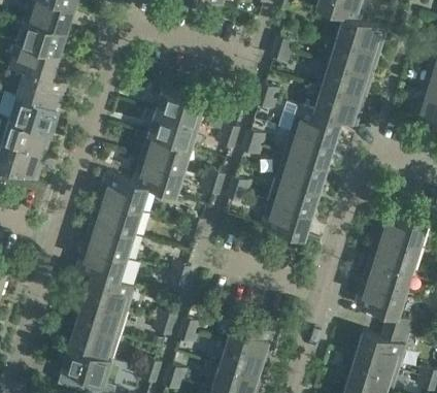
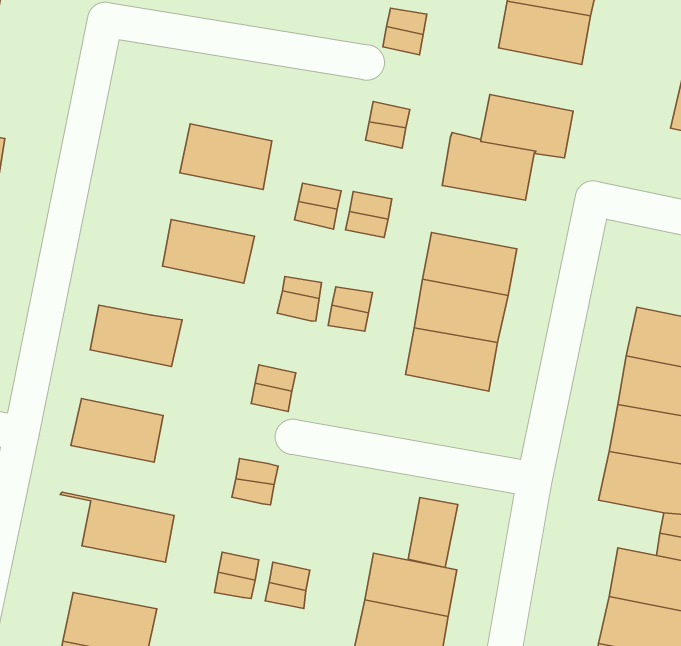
building: [322,65,371,102] -> none
building: [149,111,199,149] -> none
building: [283,133,334,170] -> none
building: [134,159,183,198] -> none
building: [93,198,141,236] -> none
building: [77,247,135,289] -> none
building: none -> [408,498,458,567]
building: [77,299,127,336] -> none

